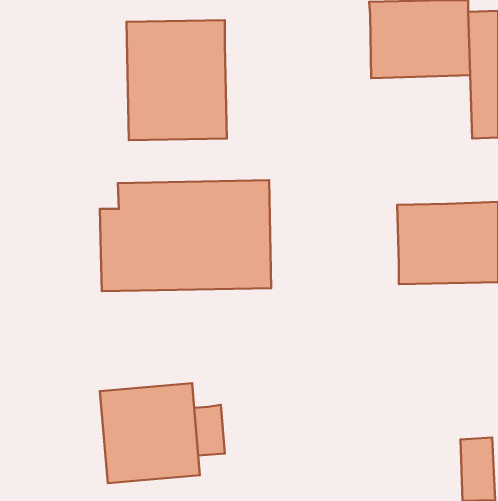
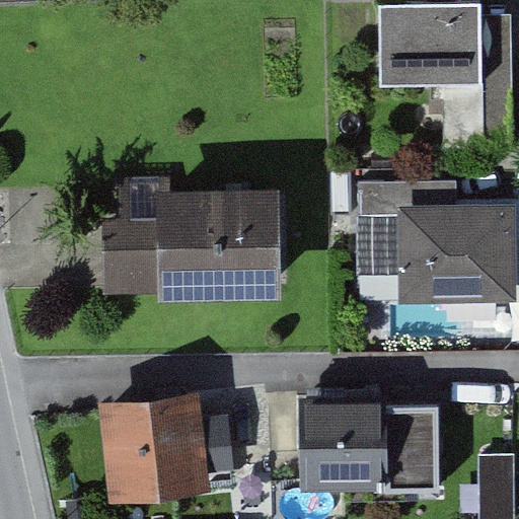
building: [127,20,227,140] -> none
building: none -> [360,183,458,276]
building: none -> [303,406,438,492]

